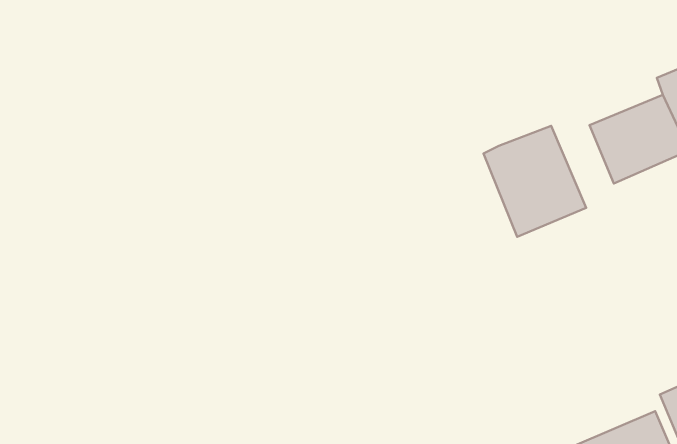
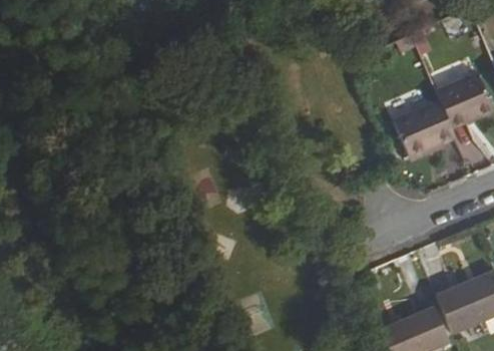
building: [484,126,586,237] -> none

